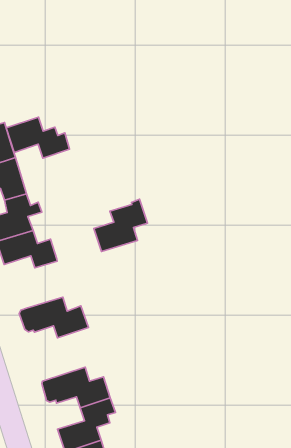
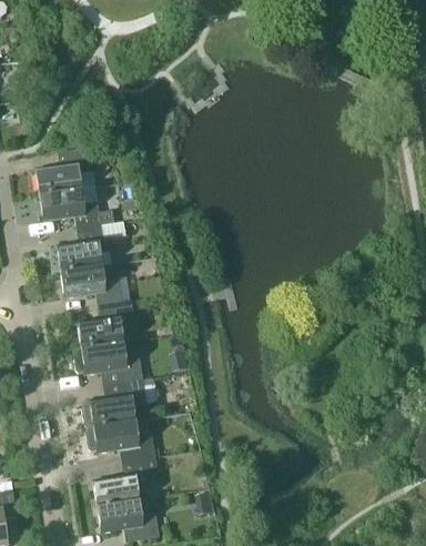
building: [6,117,70,158] -> none
building: [94,199,147,251] -> [78,299,135,347]
building: none -> [81,378,148,427]

